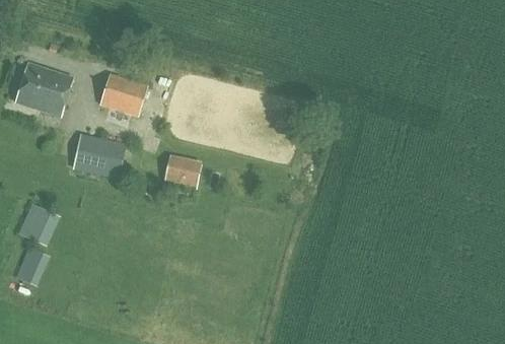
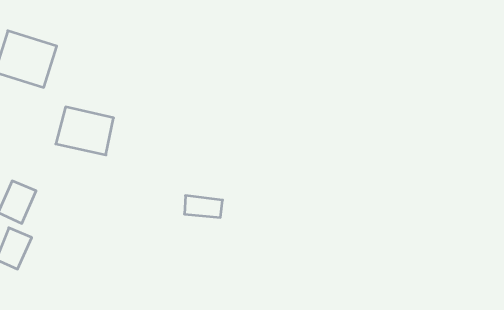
building: [98,73,147,117] -> none
building: [172,164,208,185] -> [184,196,223,217]

